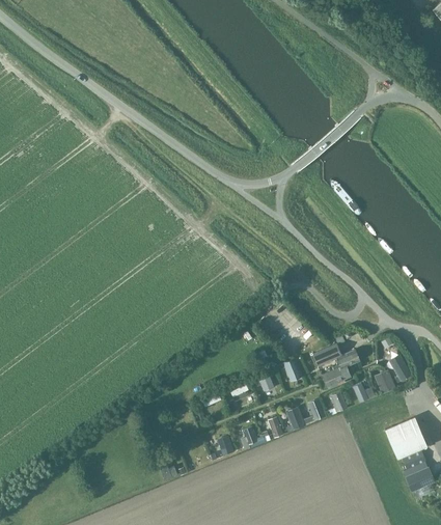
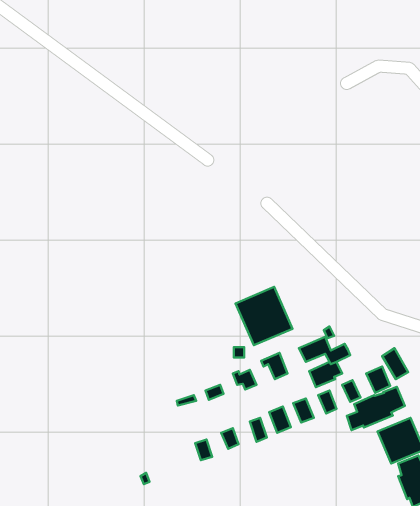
building: none -> [235,287,293,345]
building: none -> [347,387,405,430]

